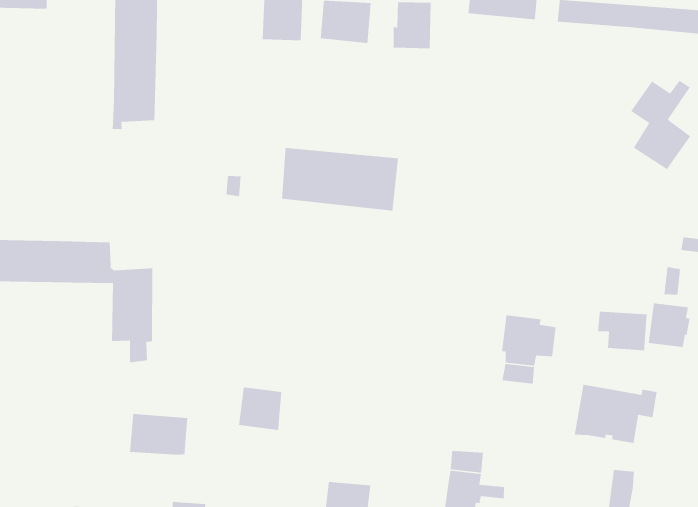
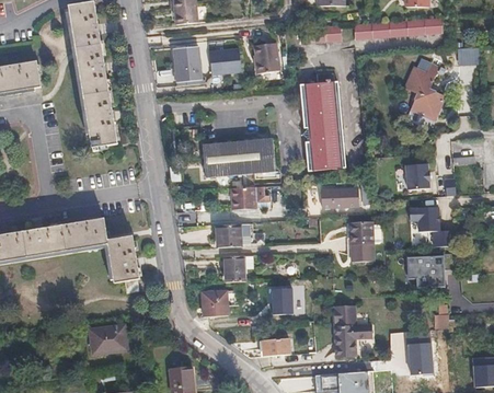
building: none -> [299,71,341,170]
building: none -> [230,186,269,209]
building: none -> [318,188,356,207]
building: none -> [215,224,250,247]
building: [648,303,690,348] -> [404,162,428,188]
building: none -> [222,256,251,285]
building: none -> [267,291,291,314]
building: [129,413,188,455] -> [92,327,128,355]

